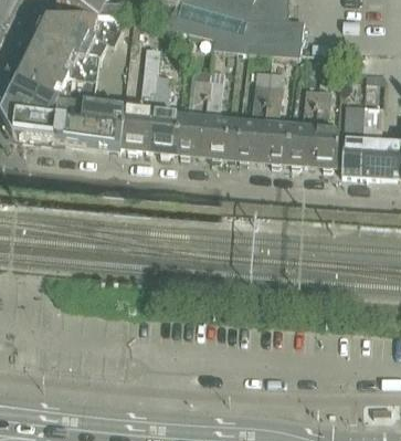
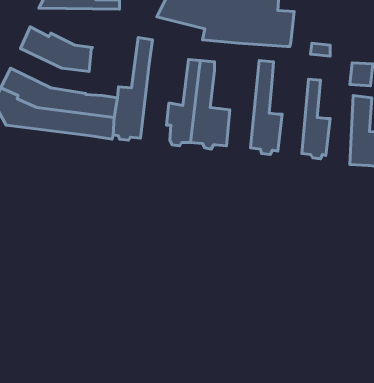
building: [36,18,127,57] -> none
building: [17,59,96,104] -> none
building: [235,70,268,162] -> none
building: [148,74,179,155] -> none
building: [287,88,318,167] -> none
building: [340,105,363,176] -> none

